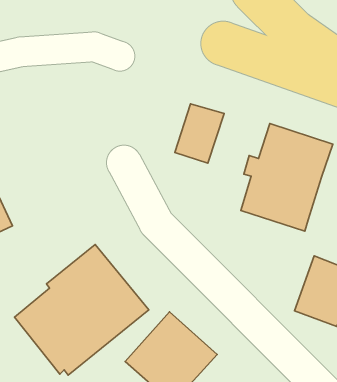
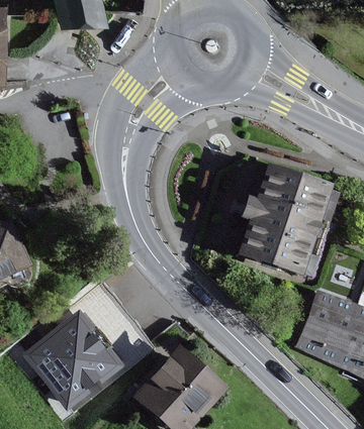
building: [175,104,224,163] -> none

